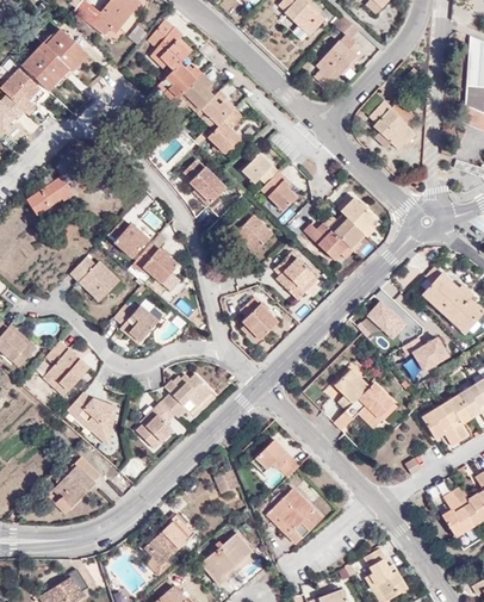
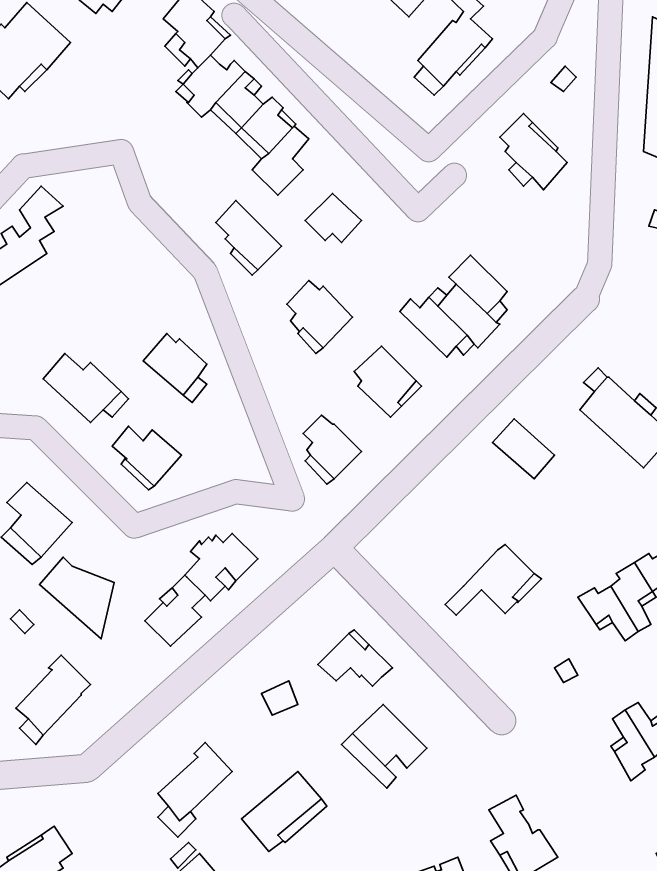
building: [261,170,298,211] -> none
building: [111,219,148,257] -> none
building: [411,336,449,372] -> none
building: [334,368,368,410] -> none

